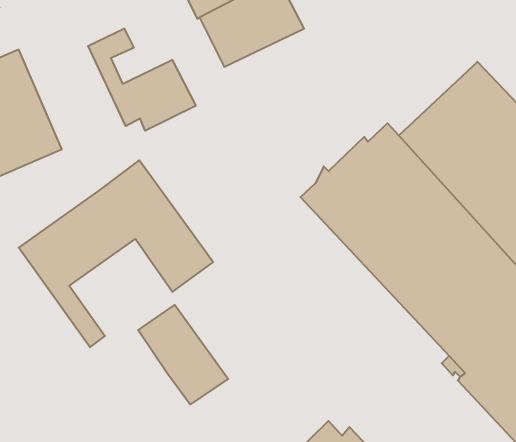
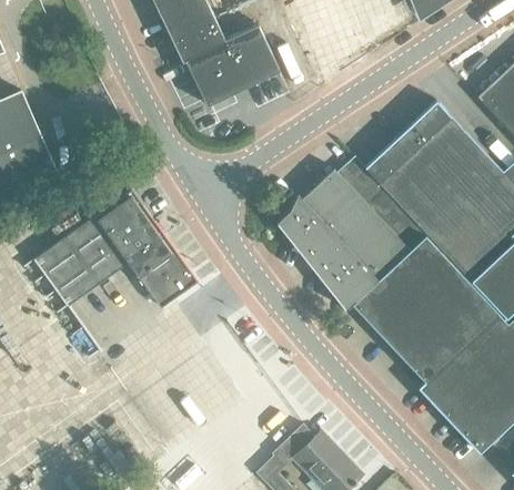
building: [88,29,196,131] -> none
building: [138,305,228,404] -> none

